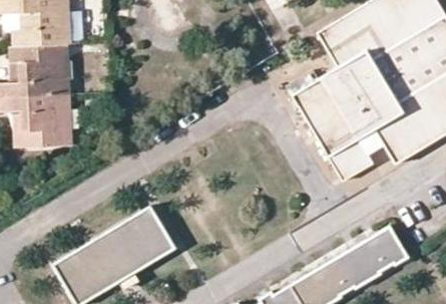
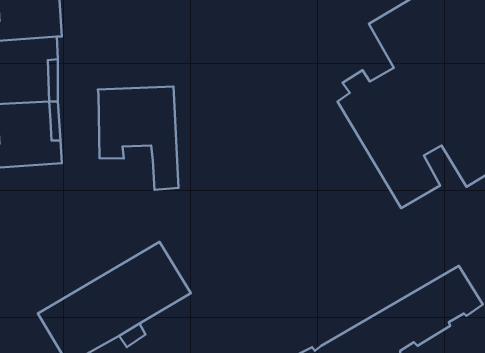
building: none -> [98,87,178,190]

